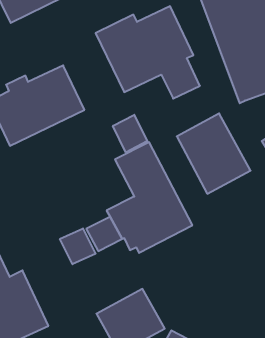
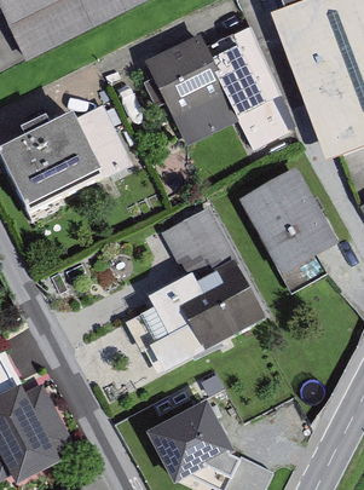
building: [113,115,147,152] -> none
building: [60,228,96,264] -> none

